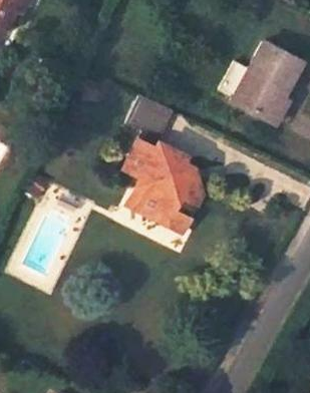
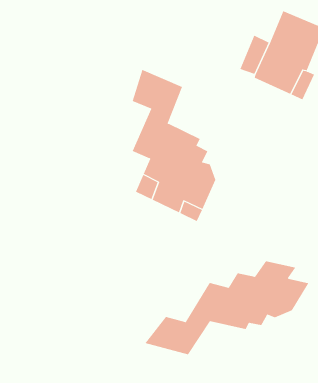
building: none -> [145,260,309,355]

